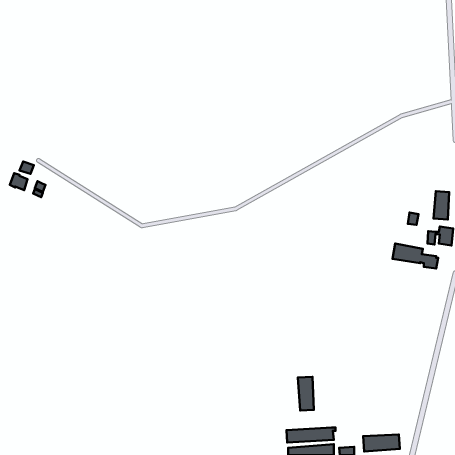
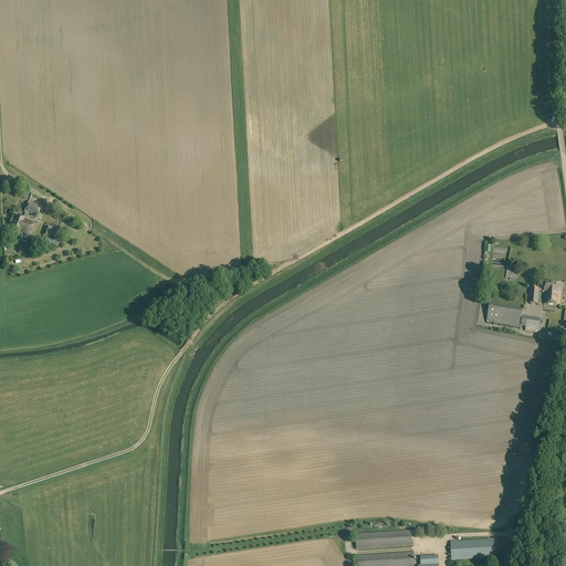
building: [433,191,449,219] -> none
building: [298,377,314,411] -> none

